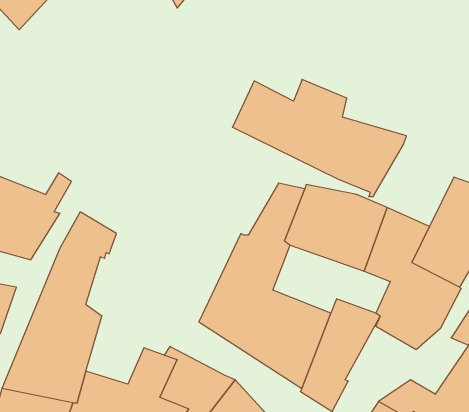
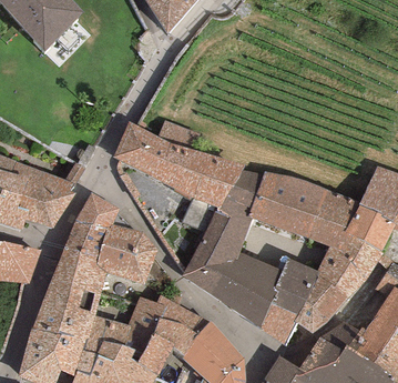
building: [232,79,406,197] -> [112,120,245,210]
building: none -> [96,223,157,284]
building: none -> [294,280,348,333]

